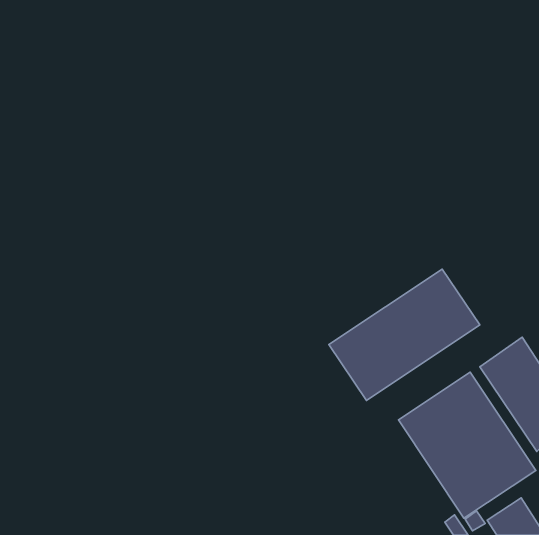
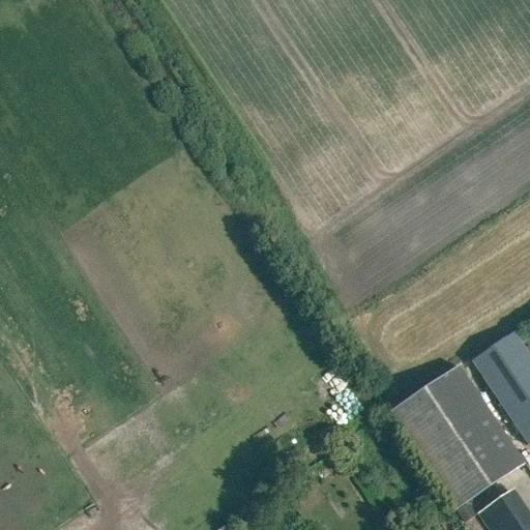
building: [329,269,480,400] -> none

